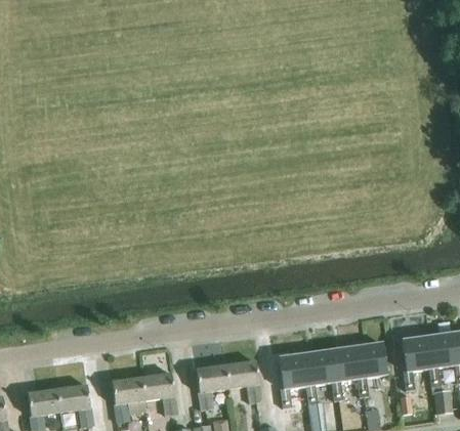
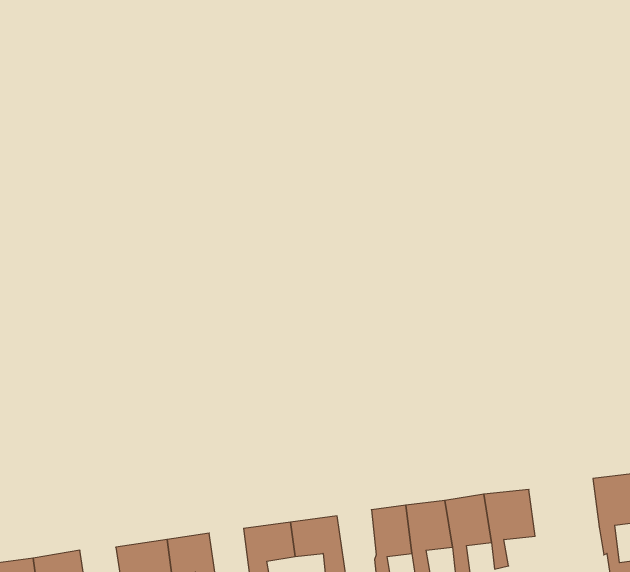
building: [403,336,429,389] -> none

